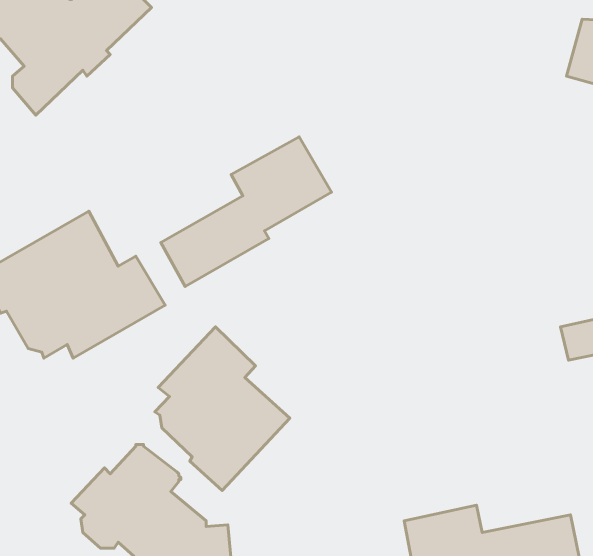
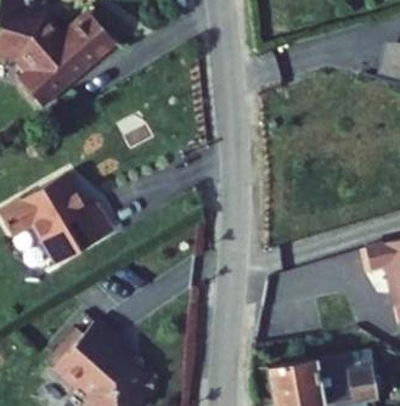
building: [161,137,331,286] -> none
building: [155,327,290,491] -> none

